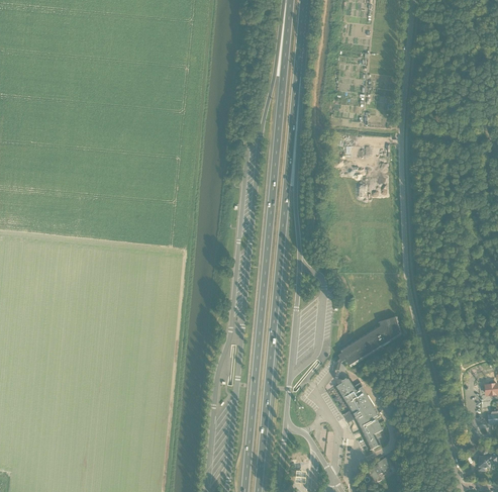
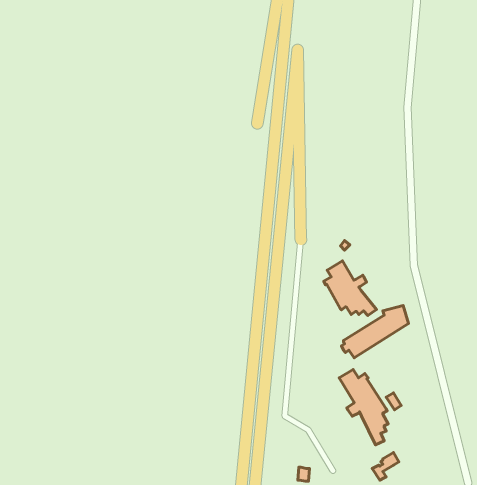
building: none -> [324,261,376,315]

